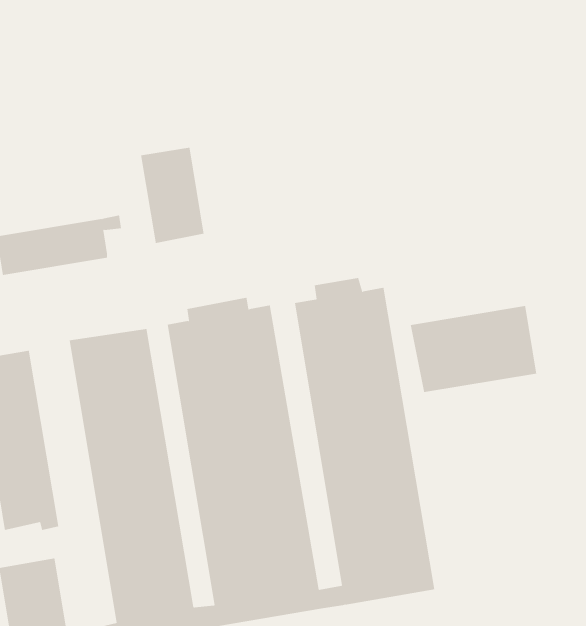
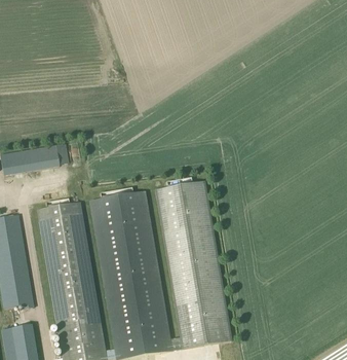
building: [140,147,204,244] -> none
building: [410,305,537,393] -> none

